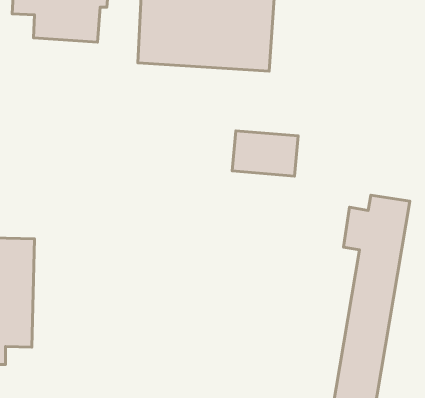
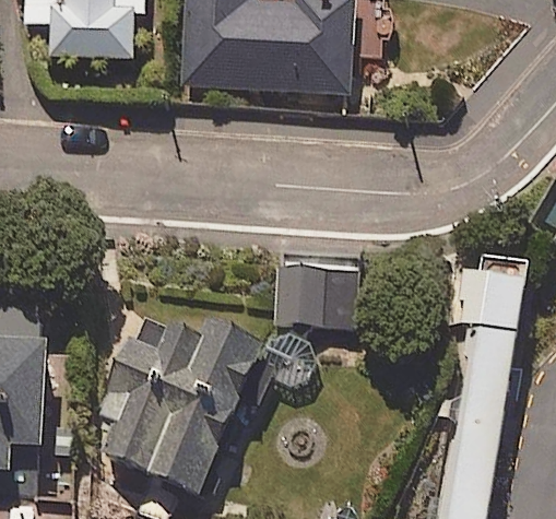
building: [232,131,298,176] -> [274,259,358,317]
building: none -> [85,316,264,494]

